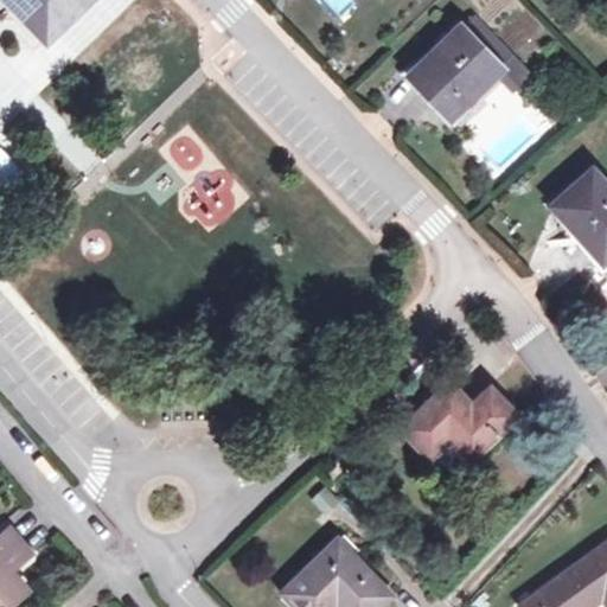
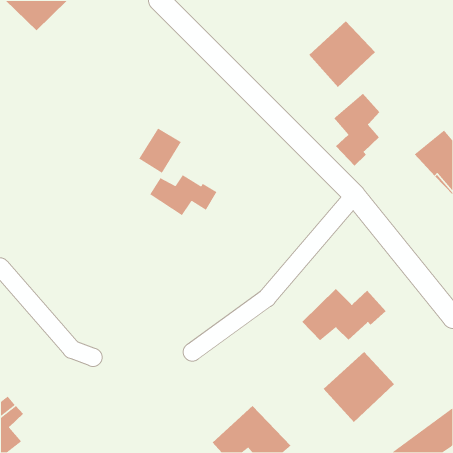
building: none -> [333,93,380,167]
building: none -> [149,174,218,216]
building: none -> [323,351,395,423]

